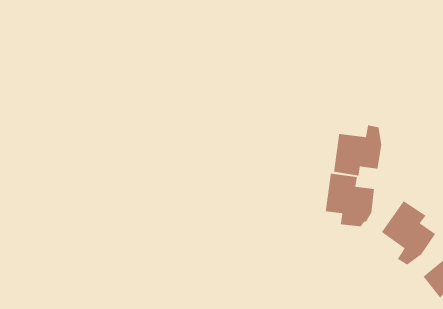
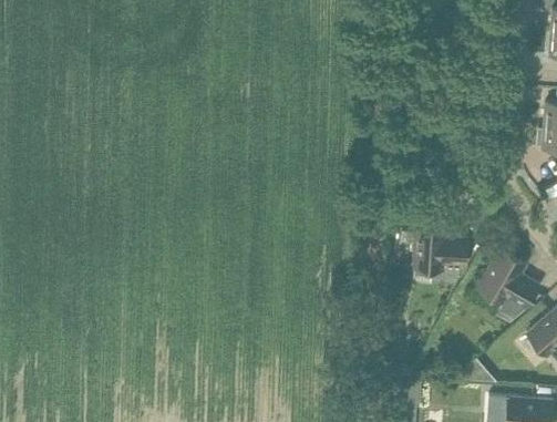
building: [333,124,382,176] -> none

